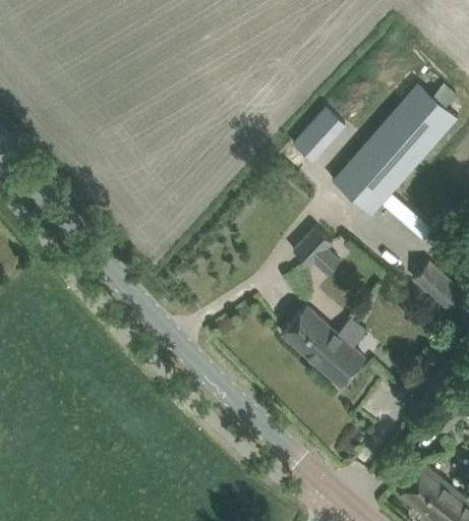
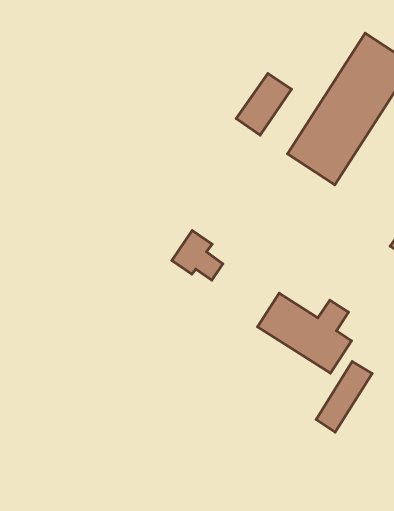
building: [293,228,339,276] -> [172,230,223,280]
building: none -> [316,361,372,432]

